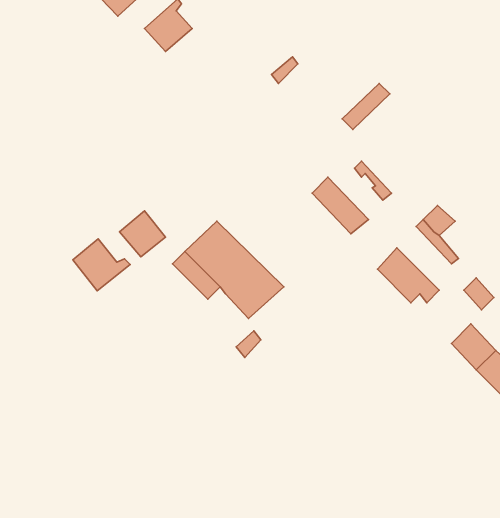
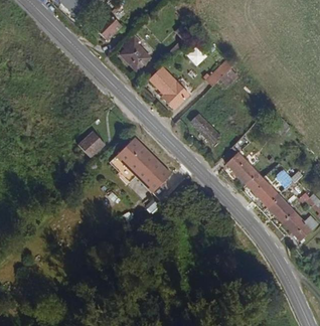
building: none -> [118,33,149,71]
building: none -> [150,66,188,107]
building: [73,239,130,291] -> none
building: none -> [245,176,279,206]

